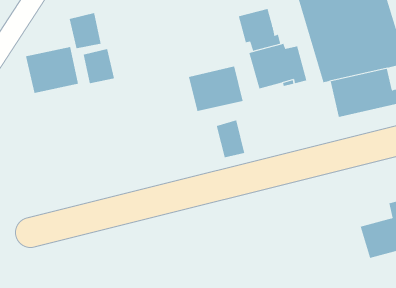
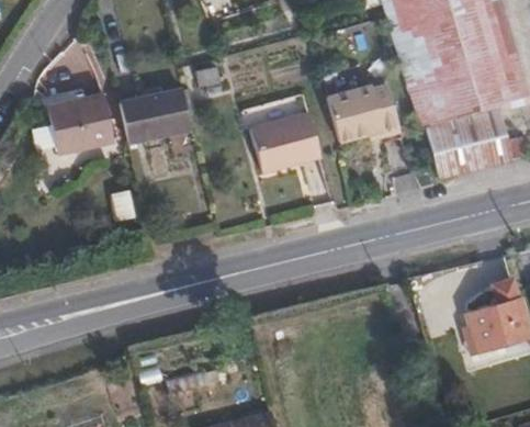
building: [238,8,281,51] -> none
building: [69,13,102,49] -> [148,82,190,128]
building: [216,120,245,158] -> none

